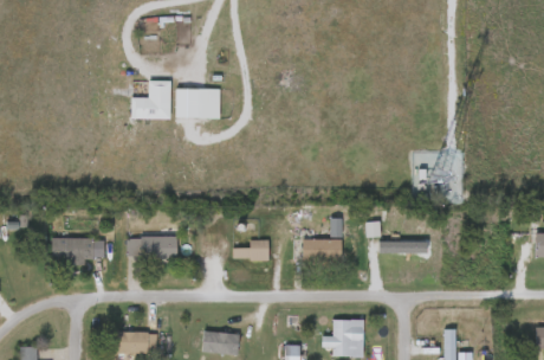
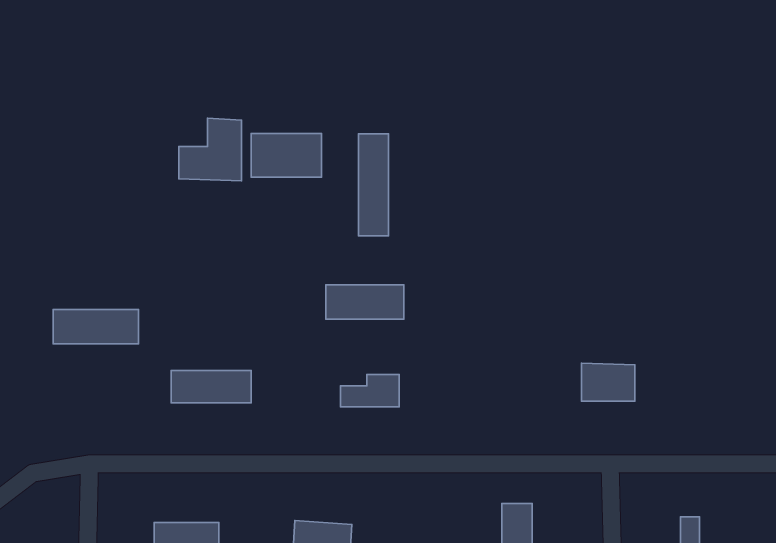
building: none -> [359,134,389,236]
building: [51,239,104,261] -> [53,310,139,344]
building: [293,239,342,261] -> [326,285,404,319]

